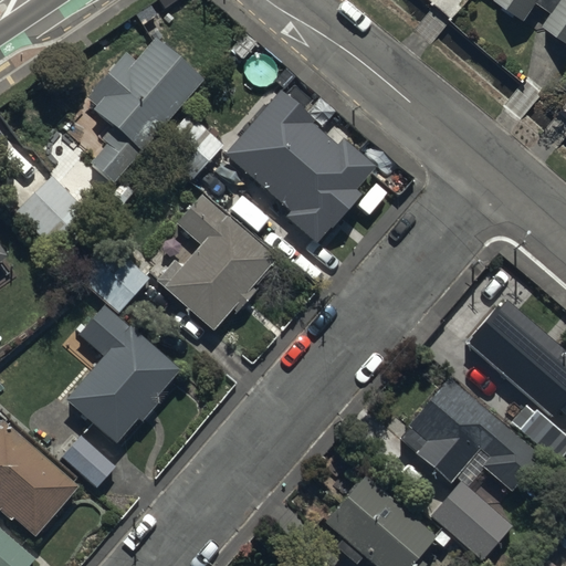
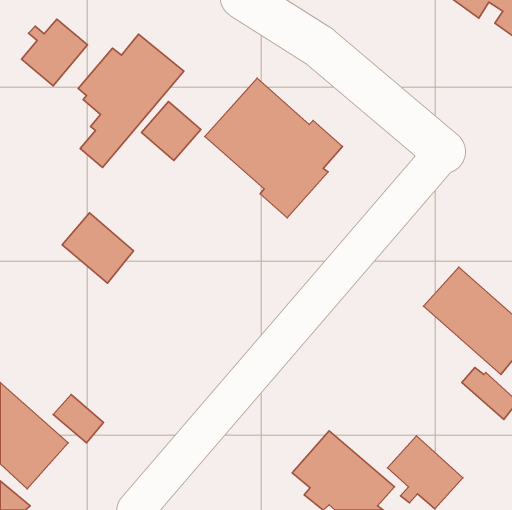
building: none -> [21,19,87,86]
building: [14,174,87,248] -> none
building: [156,193,275,331] -> none
building: [64,305,180,444] -> none
building: [403,377,541,493] -> none

